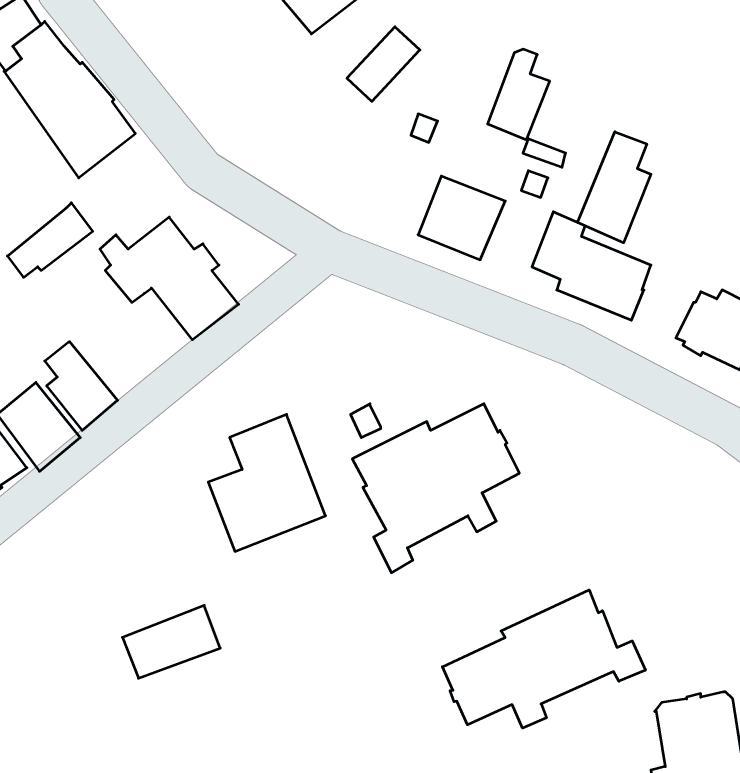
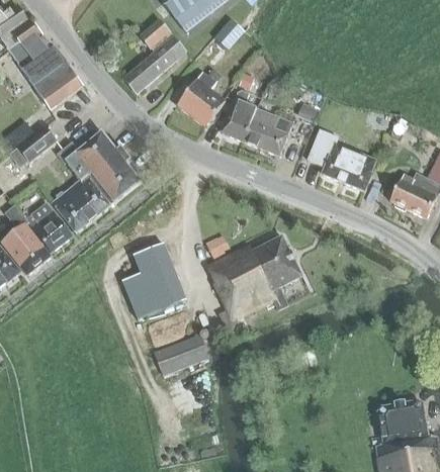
building: none -> [123,19,186,93]
building: [488,49,550,140] -> [221,89,256,140]
building: none -> [176,68,225,125]
building: [578,132,651,243] -> none
building: none -> [52,174,110,231]
building: [442,590,645,728] -> none
building: [122,605,220,678] -> [153,332,208,373]

